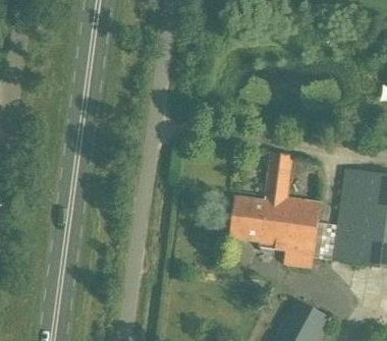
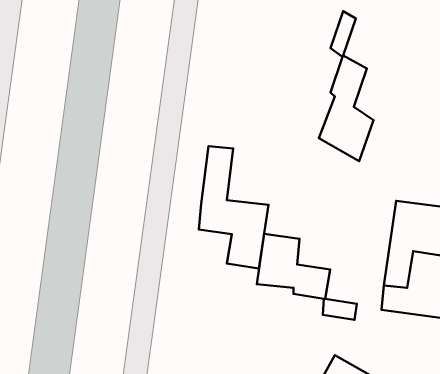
building: none -> [319,11,374,161]
building: [264,153,322,254] -> [199,146,268,269]

